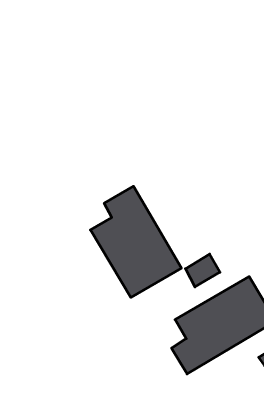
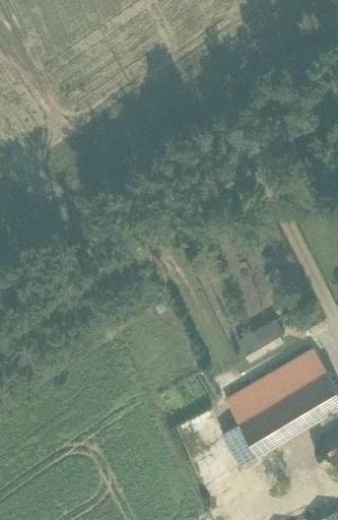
building: [90,186,181,297] -> none

